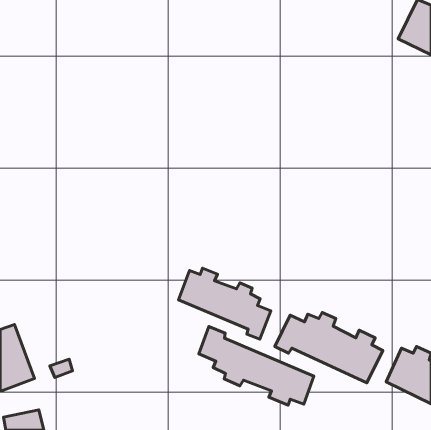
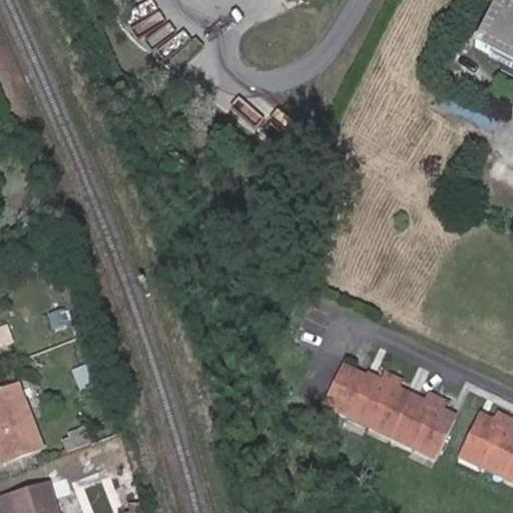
building: [178,268,271,339] -> none
building: [199,327,314,405] -> none

